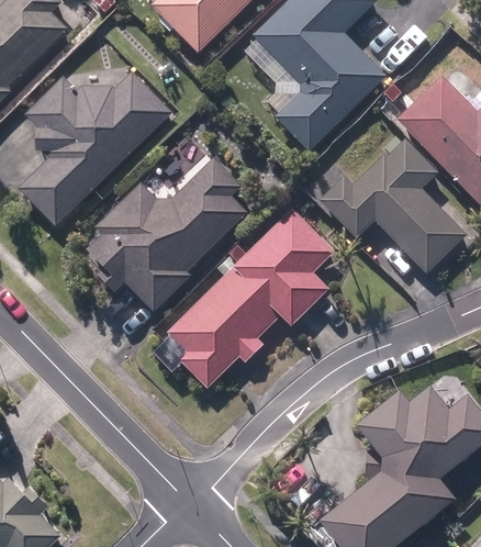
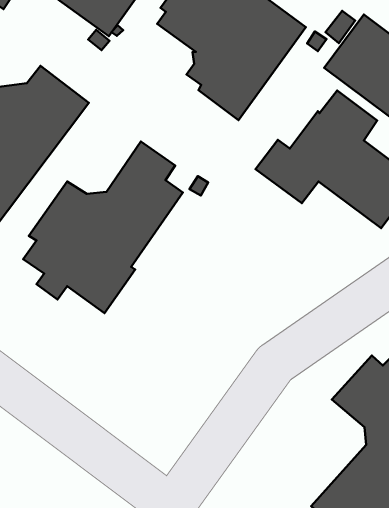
building: [166,209,335,389] -> none

